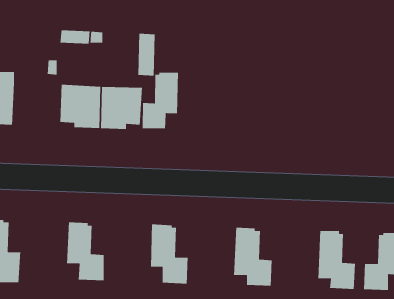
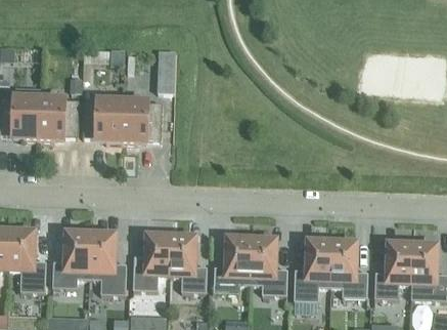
building: [142,72,179,129] -> none
building: none -> [38,98,79,140]
building: none -> [52,231,91,287]
building: none -> [133,234,171,290]
building: none -> [213,236,252,293]
building: none -> [294,239,332,300]

